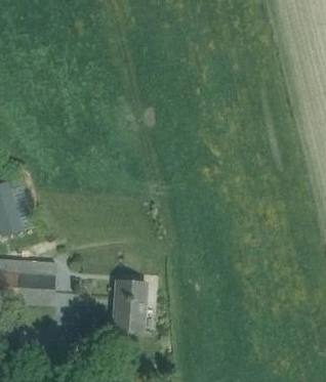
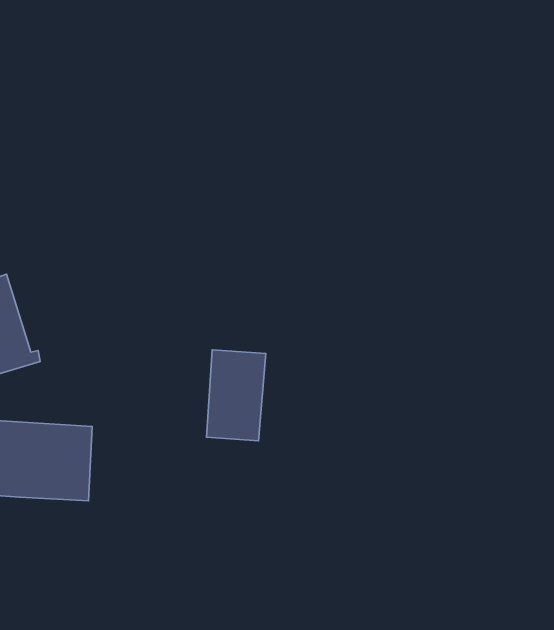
building: [115,281,148,331] -> [206,350,266,441]

